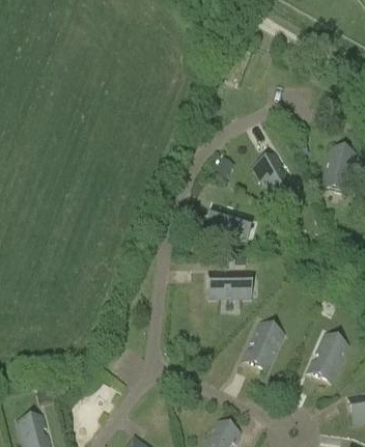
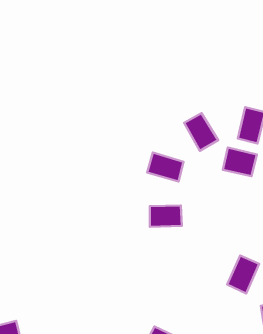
building: none -> [223,147,257,176]
building: [244,323,284,370] -> none

